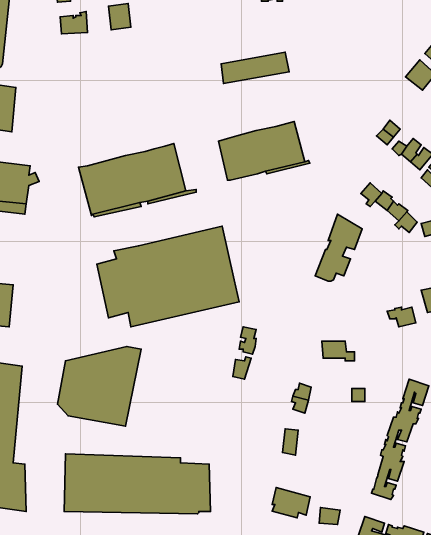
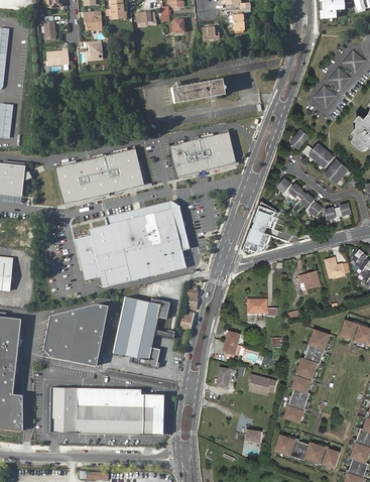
building: none -> [106,205,190,253]
building: none -> [113,296,170,365]
building: [272,488,310,518] -> [249,373,278,396]

